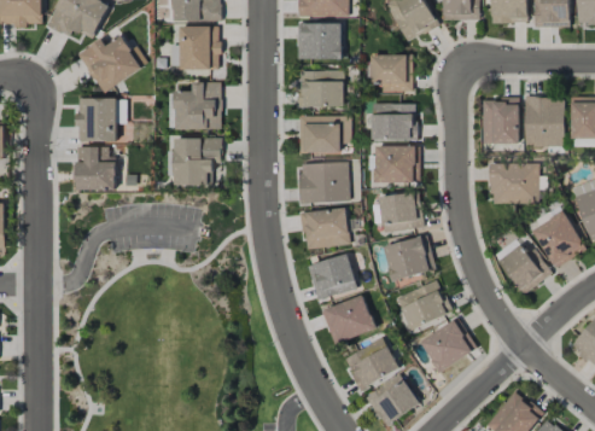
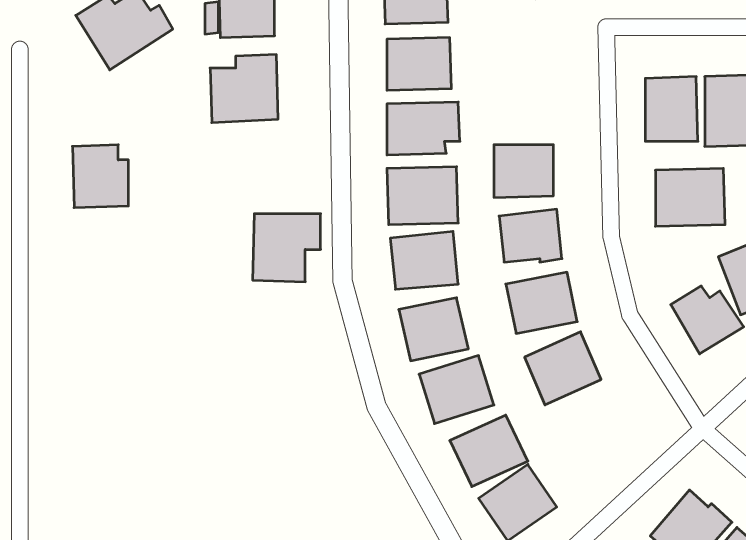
building: [372,54,413,93] -> none
building: [77,98,117,141] -> none
building: [372,104,416,140] -> none
building: [173,138,221,186] -> [253,214,321,282]
building: [420,319,476,373] -> none

